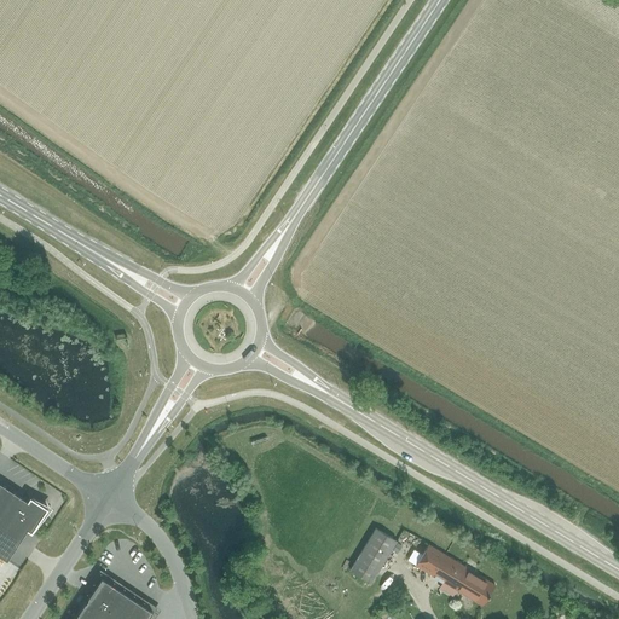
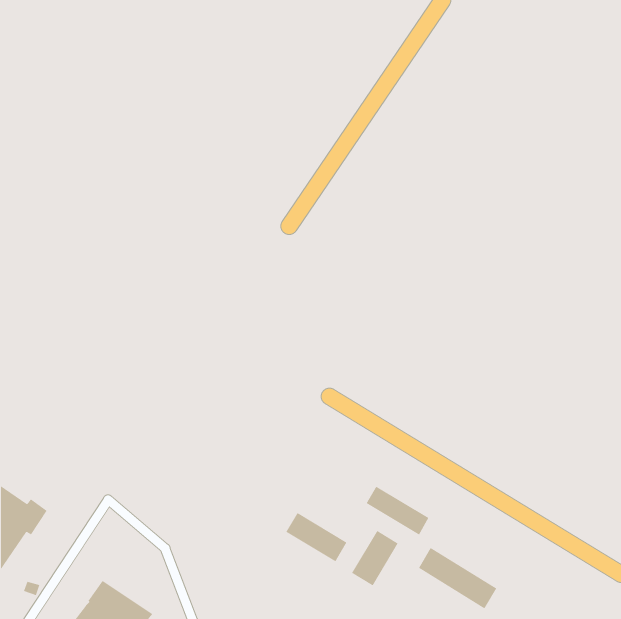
building: none -> [366,486,429,535]
building: none -> [286,512,347,562]

